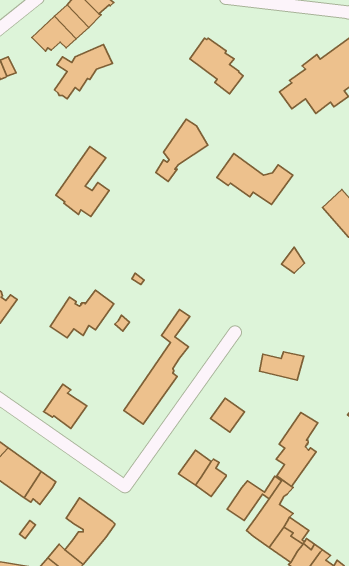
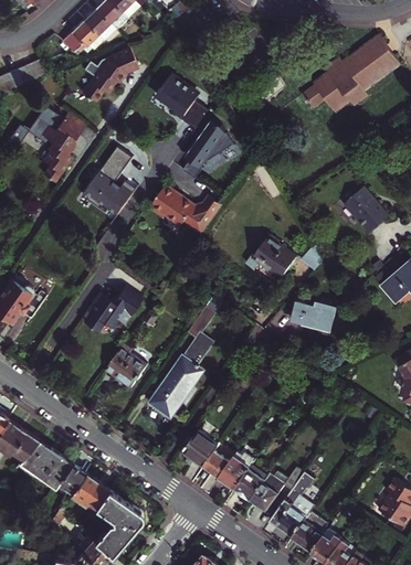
building: [190,38,243,94] -> [156,77,208,131]
building: none -> [39,111,85,183]
building: [217,154,293,205] -> [147,188,221,237]
building: none -> [245,236,296,277]
building: [260,352,304,380] -> [294,300,337,328]
building: [44,384,87,428] -> [105,345,147,388]
building: [210,398,244,432] -> [185,433,218,466]
building: [276,412,318,486] -> none
building: none -> [235,468,265,500]
building: none -> [68,473,107,510]

